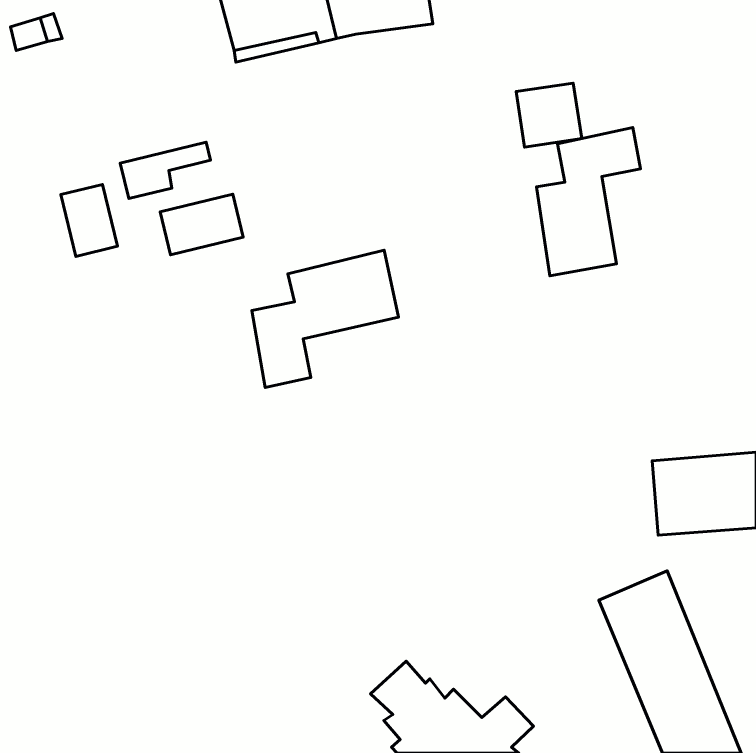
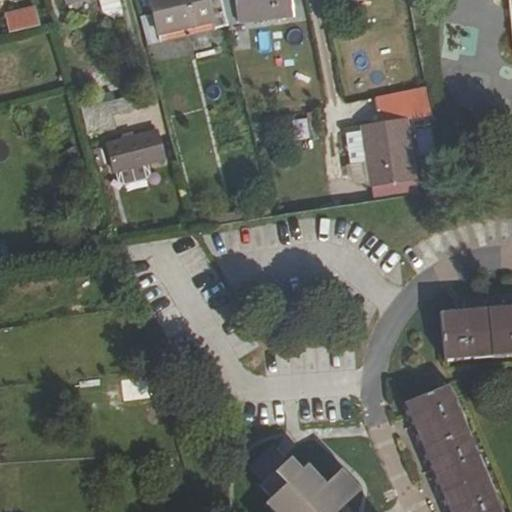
building: [516,83,582,147] -> none
building: [61,184,118,256] -> none
building: [252,250,399,388] -> none

